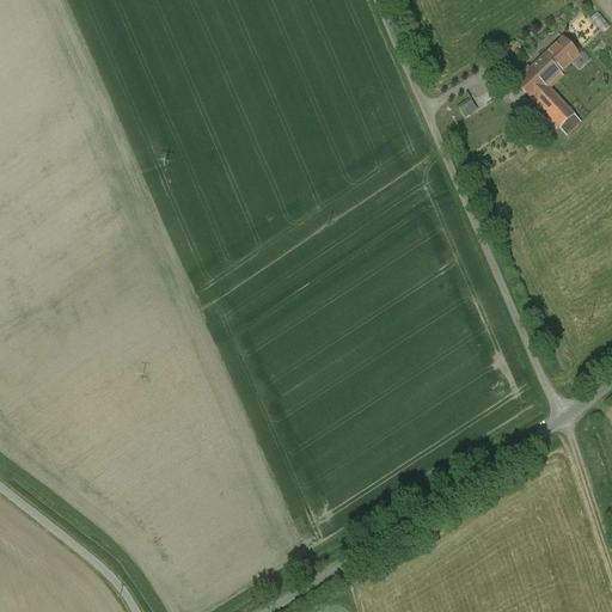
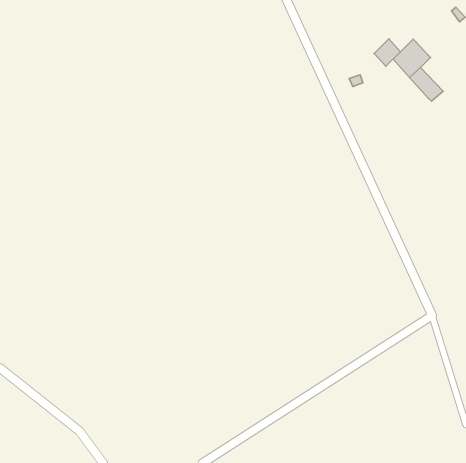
building: [545,36,580,72] -> [374,39,401,66]

